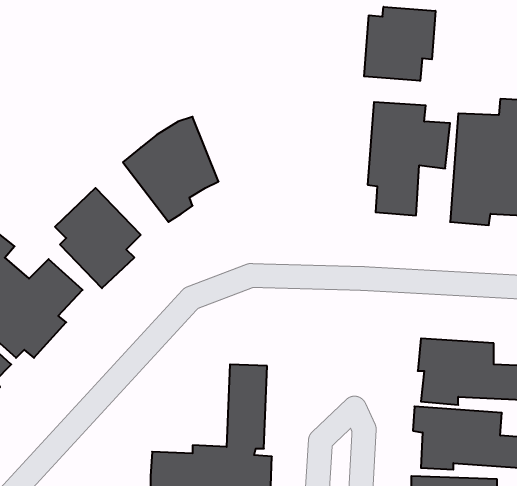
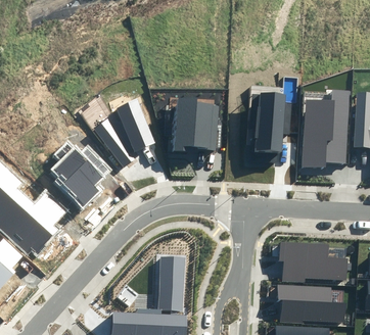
building: [364,7,435,81] -> none
building: none -> [172,101,218,153]

